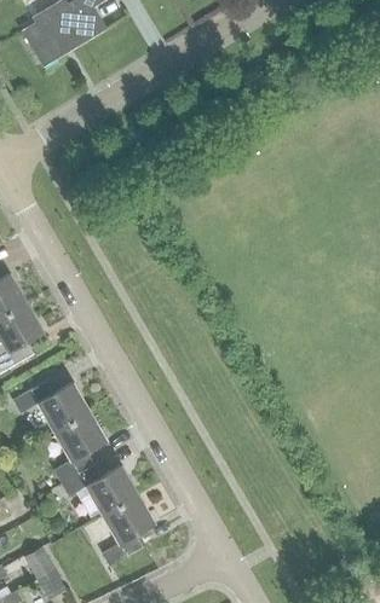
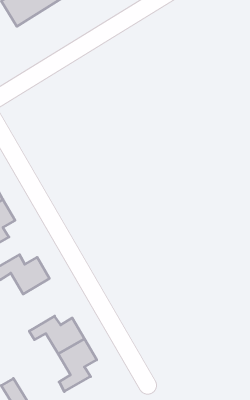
building: [53,411,106,483] -> none

